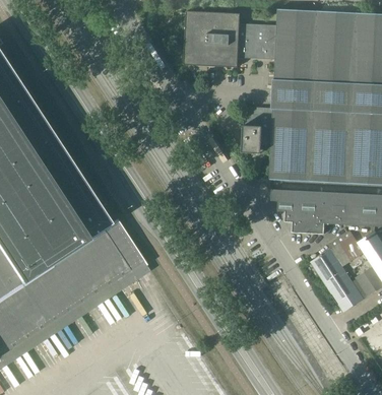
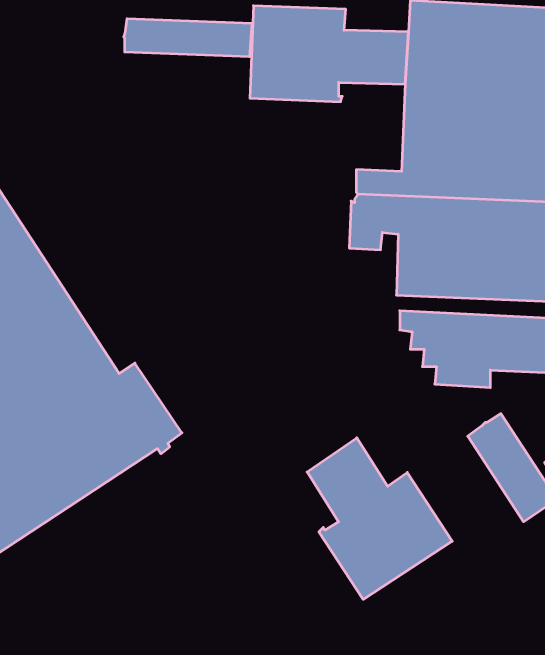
building: none -> [124,19,252,57]
building: none -> [307,438,452,599]

